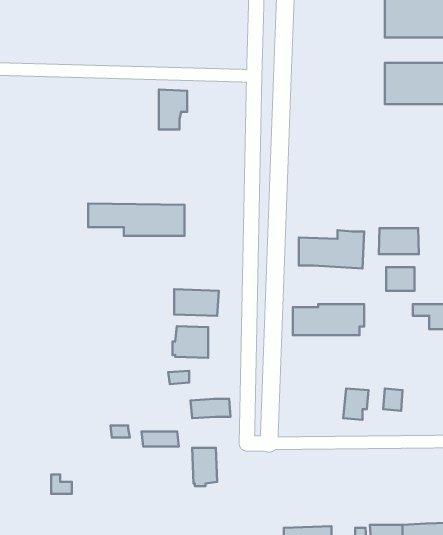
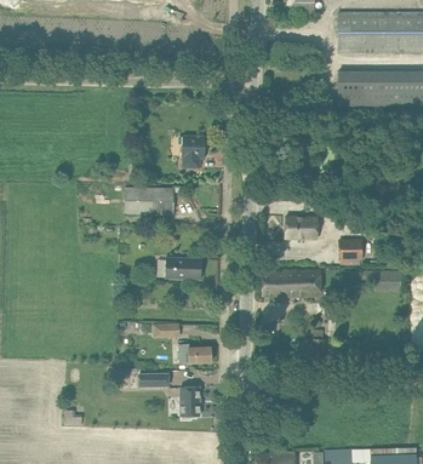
building: [159,89,187,129] -> [183,134,206,167]
building: [379,228,419,254] -> none
building: [172,326,208,358] -> none

